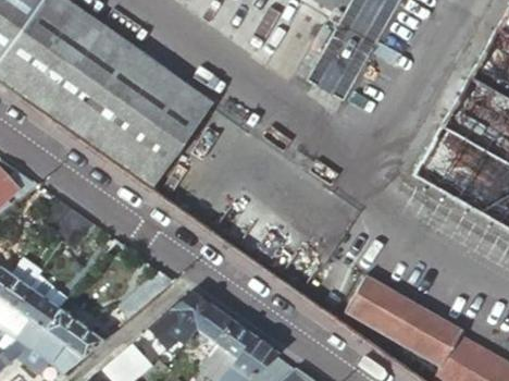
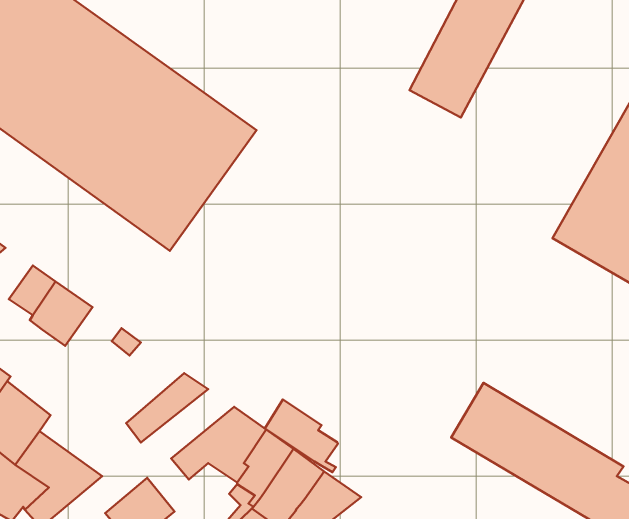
building: none -> [265,399,338,472]

